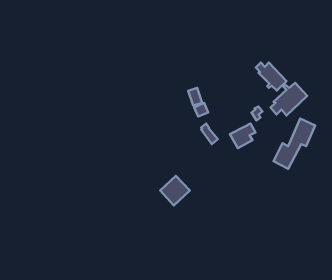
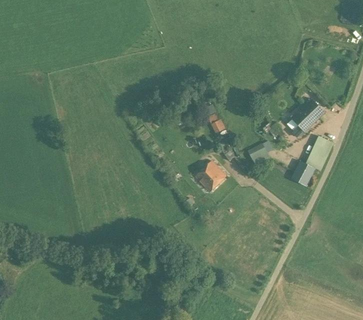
building: [256,62,287,91] -> none
building: [160,176,190,205] -> [196,161,226,191]

